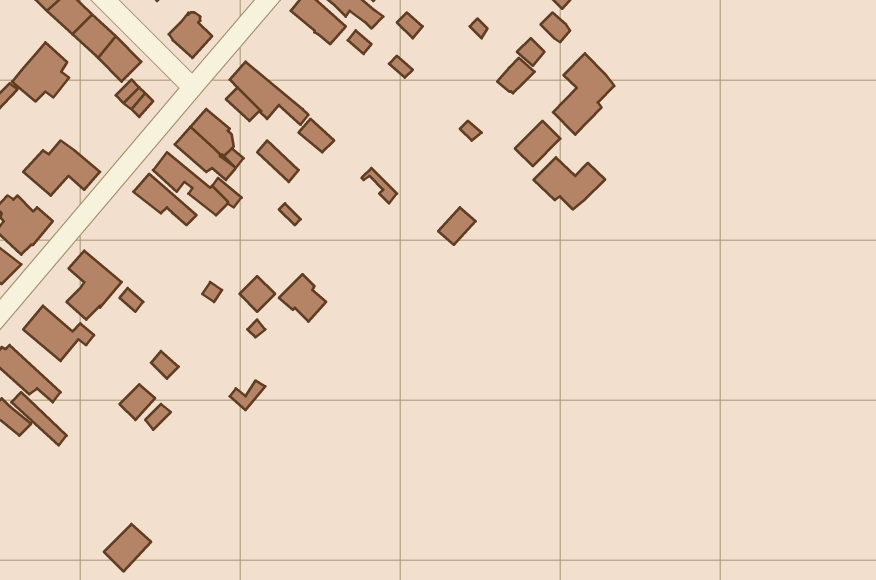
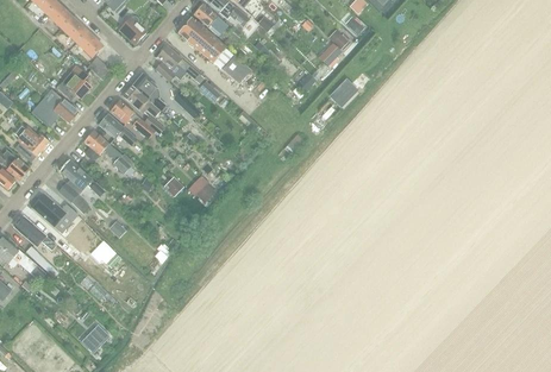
building: none -> [177,17,250,83]
building: [12,42,69,101] -> [55,64,89,100]
building: [553,53,614,135] -> none
building: [534,157,605,209] -> none
building: none -> [82,130,130,172]

